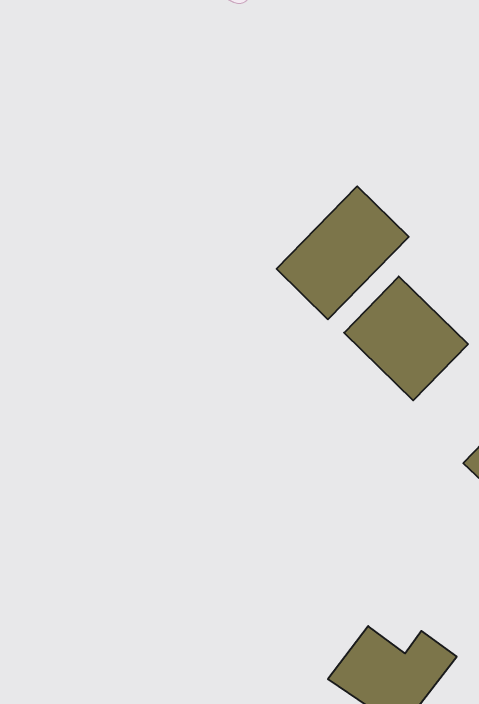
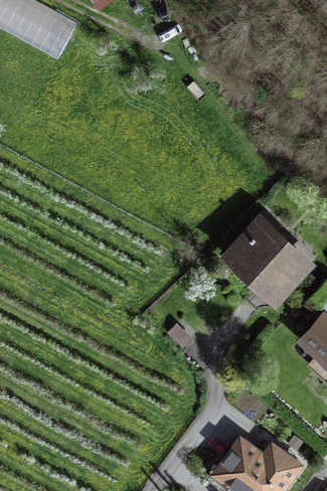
building: [277,186,409,319] -> none

